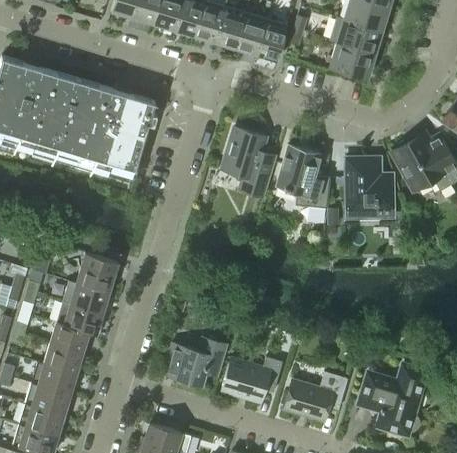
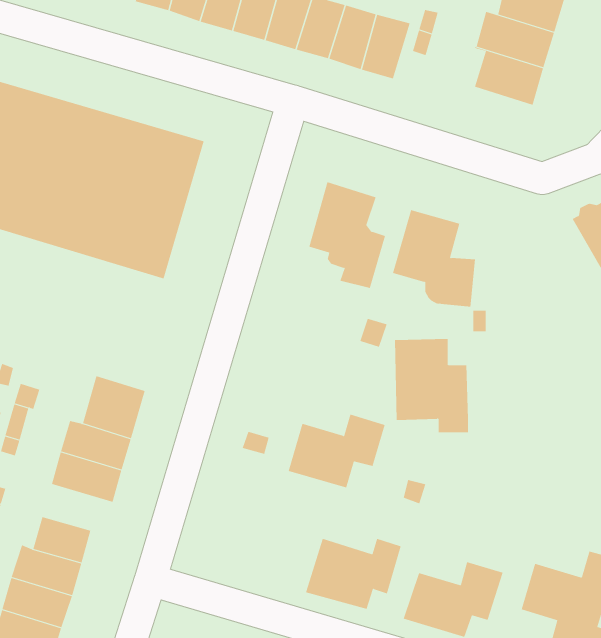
building: [346,157,394,218] -> [394,338,469,433]
building: [51,322,97,352] -> none
building: [164,337,227,385] -> [288,414,385,488]

